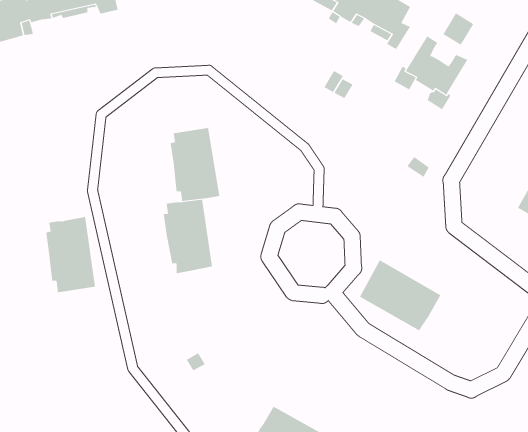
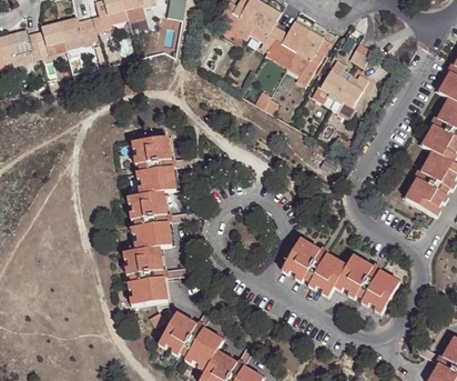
building: [46,217,96,293] -> [129,244,167,303]
building: none -> [337,253,399,309]
building: none -> [162,310,224,363]

